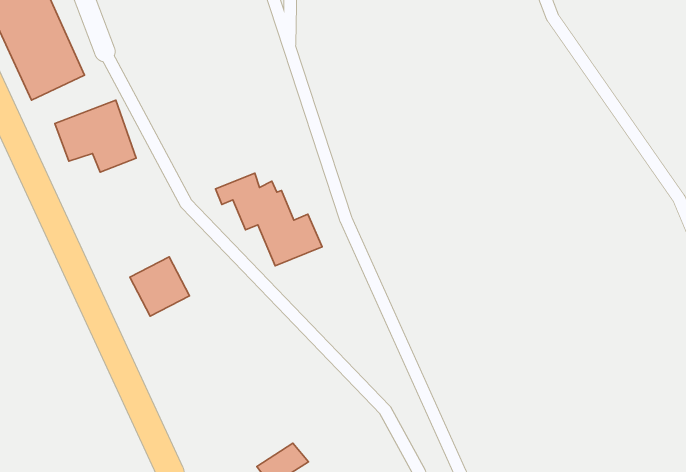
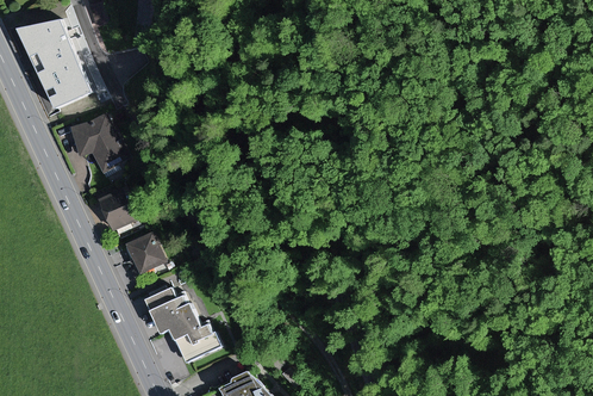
building: [216,173,322,266] -> [142,289,223,359]
building: none -> [100,185,145,230]

